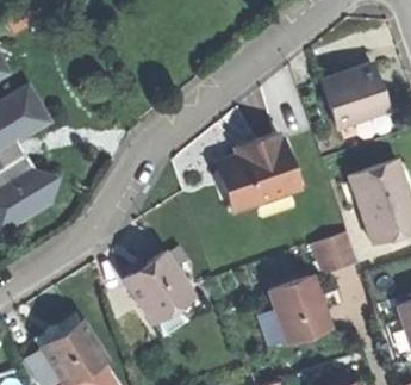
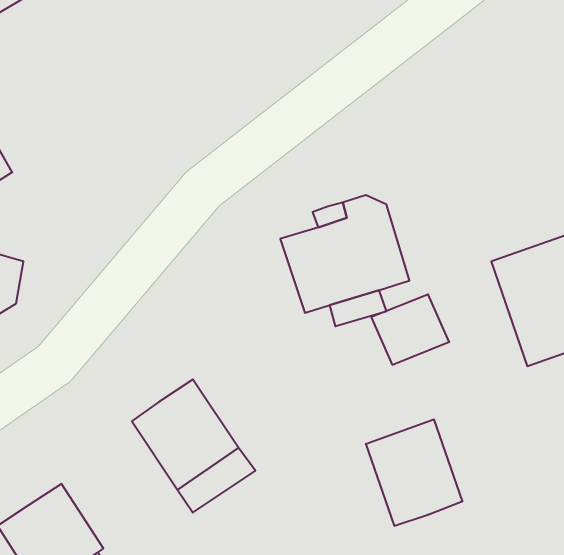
building: [323,64,387,129] -> none
building: [311,230,360,274] -> [371,294,449,365]

